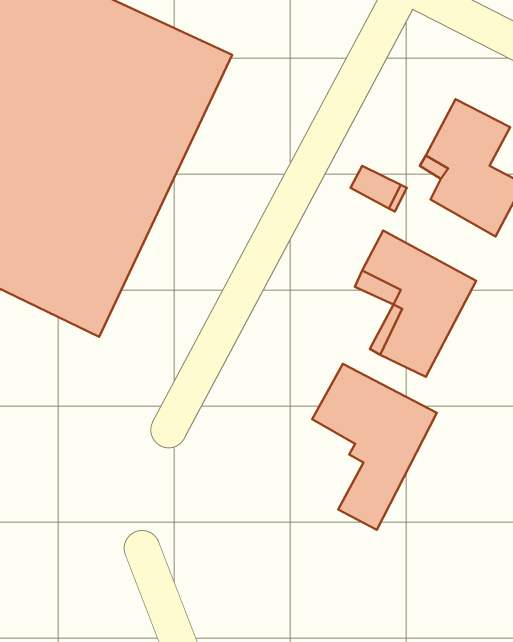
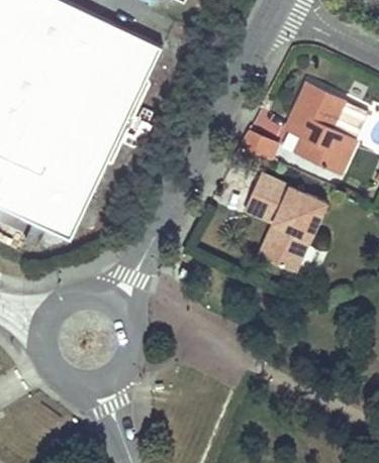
building: [312,364,437,530] -> none

